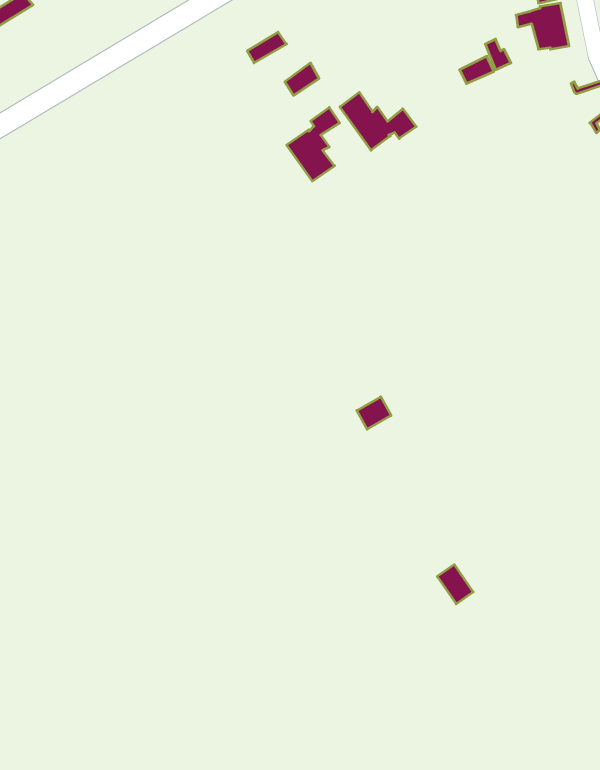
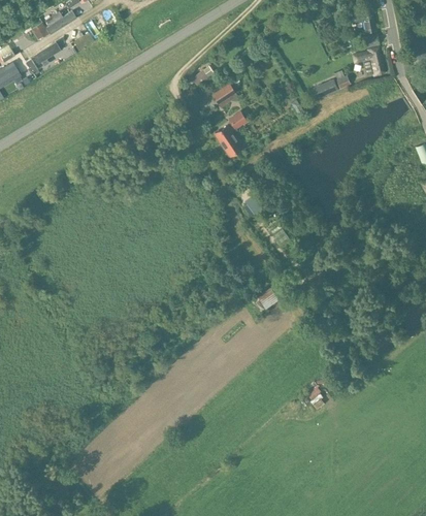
building: [340,92,416,150] -> none

